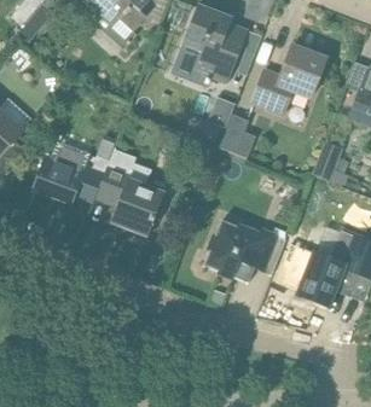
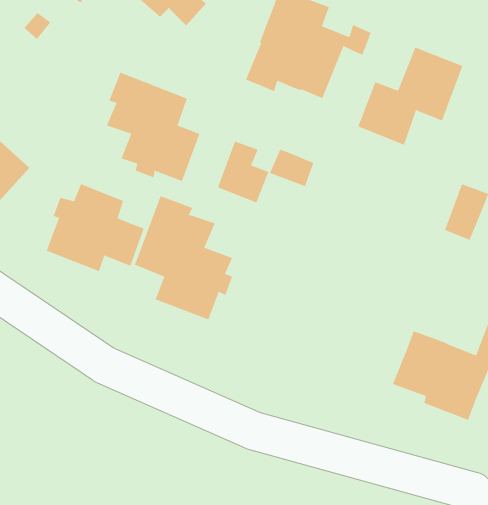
building: none -> [106,72,200,182]
building: [219,114,255,157] -> [217,141,269,203]
building: [209,220,286,281] -> none

